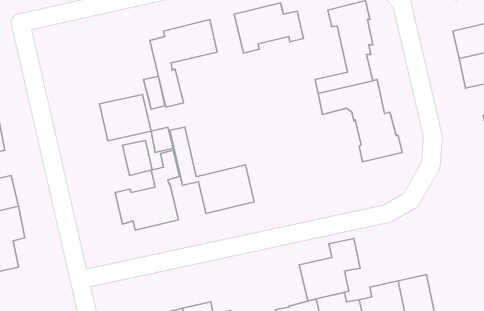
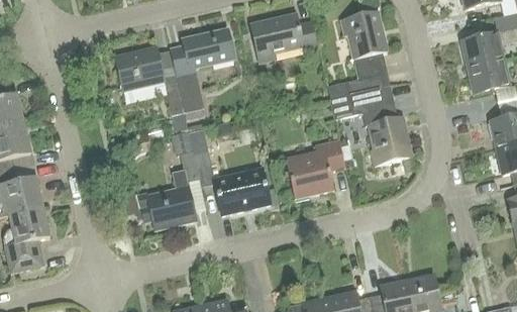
building: [100,94,151,141] -> [115,45,165,90]
building: [122,140,152,175] -> none
building: [299,239,360,301] -> [287,138,345,198]

